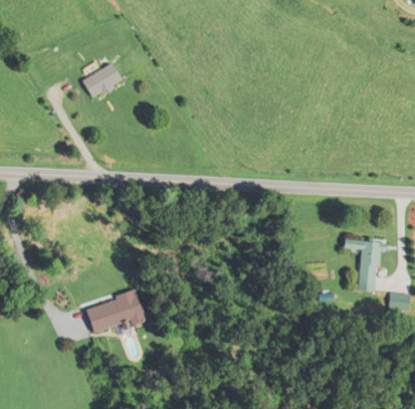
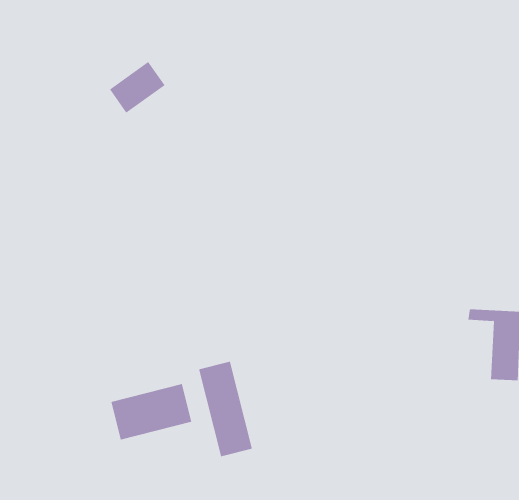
building: none -> [198,361,253,457]

